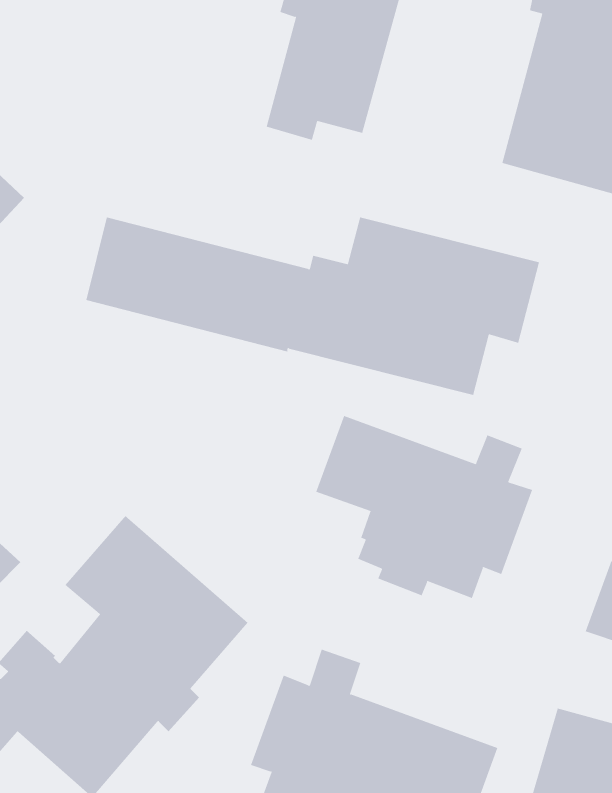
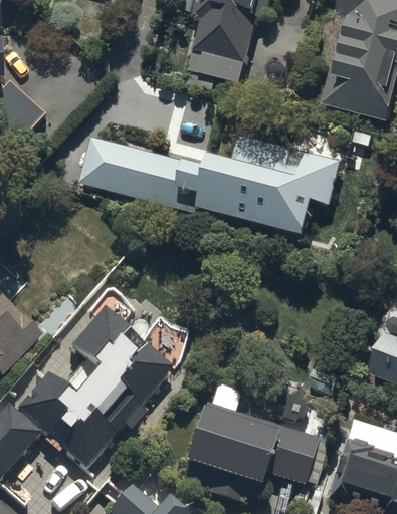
building: [315,415,533,599] -> none

